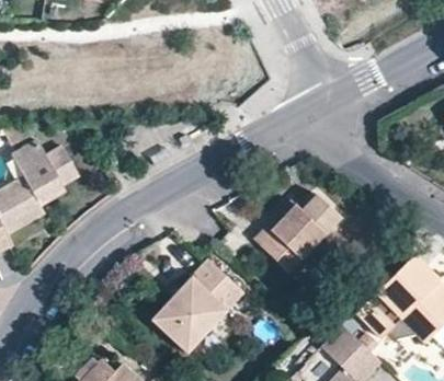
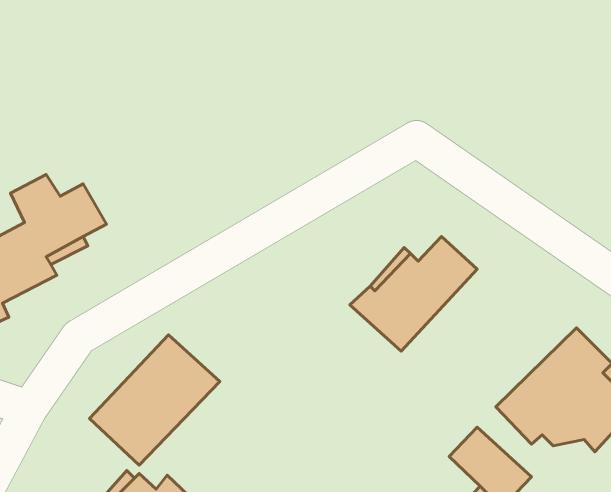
building: [152,258,244,350] -> [89,335,220,465]

